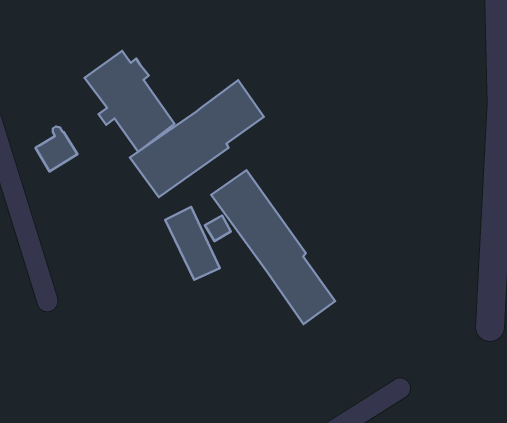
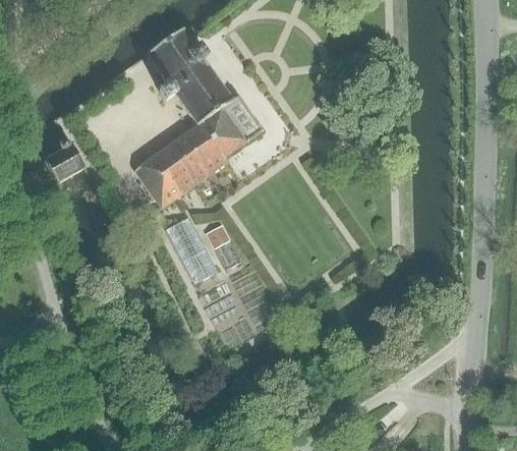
building: [85,51,175,152] -> [147,30,232,125]
building: [211,170,335,324] -> none

